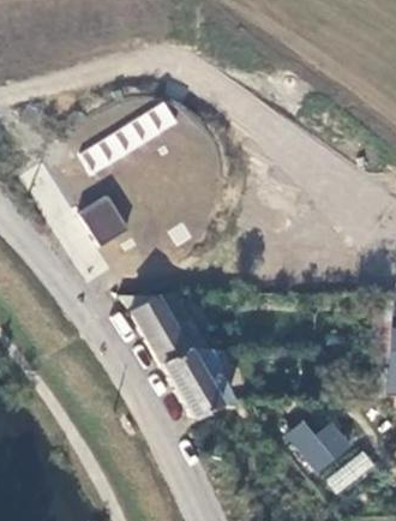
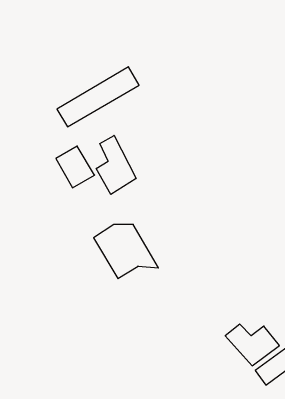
building: none -> [96,135,136,194]
building: [154,348,234,418] -> none

